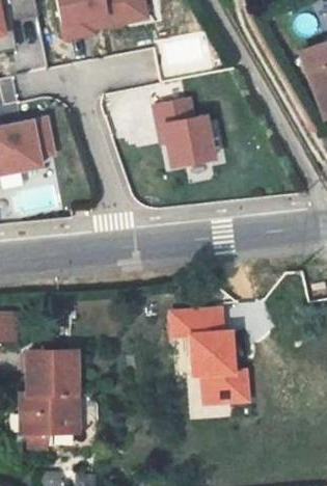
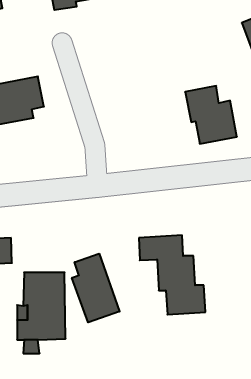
building: [154,99,216,168] -> [185,86,237,144]
building: none -> [72,254,120,322]

